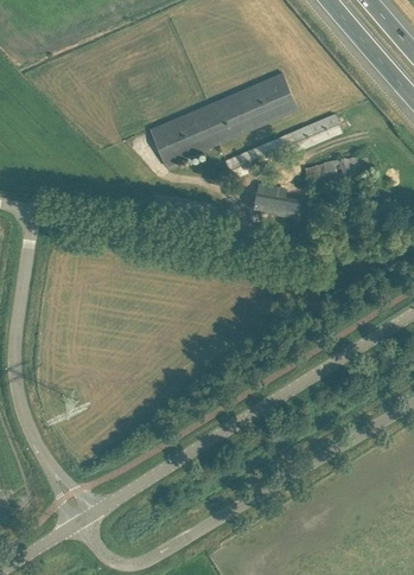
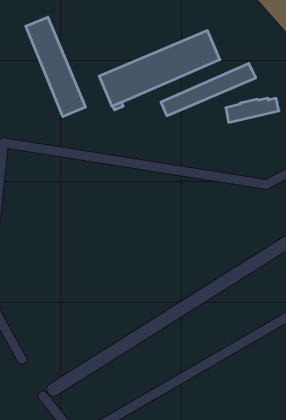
building: none -> [26,17,86,117]
building: [243,181,300,218] -> none

